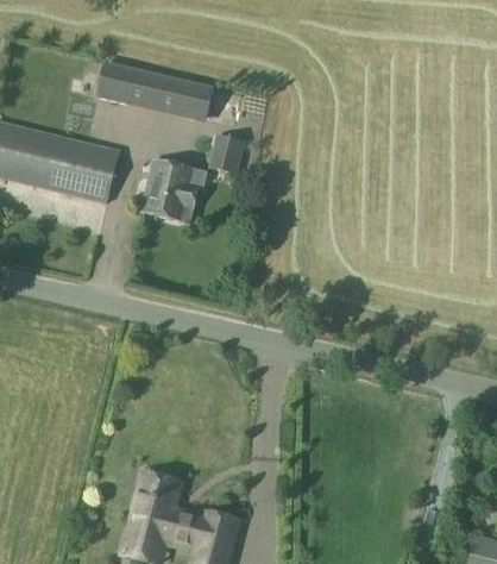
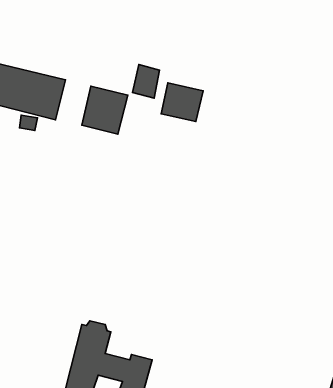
building: [101,64,214,118] -> none
building: none -> [161,83,203,122]

